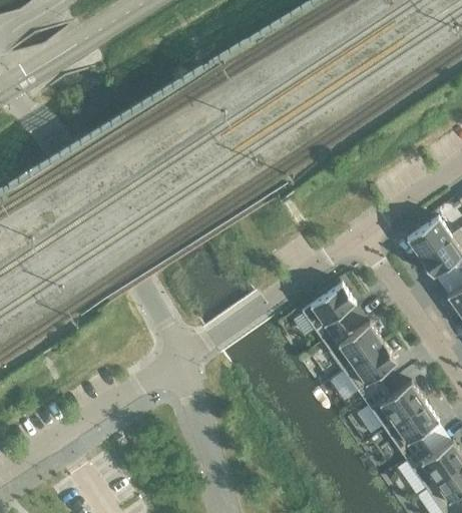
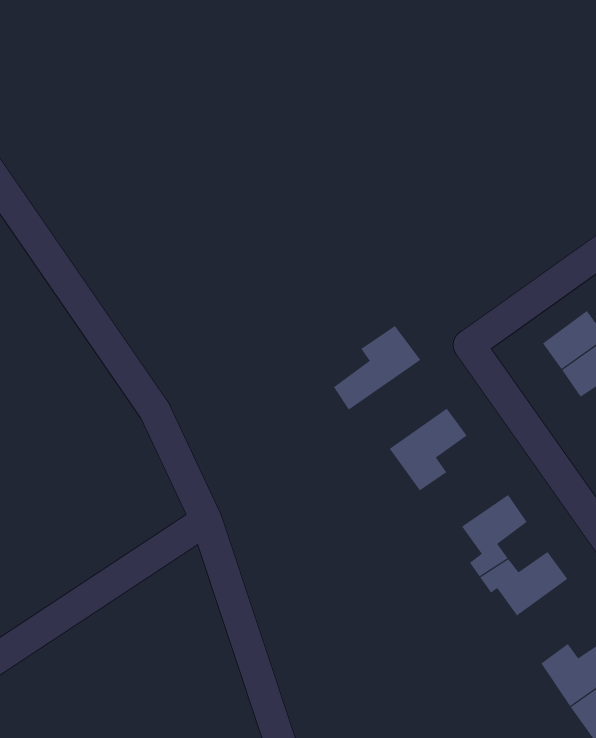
building: none -> [333,325,421,411]
building: [323,323,384,372] -> none
building: [384,401,439,459] -> none

